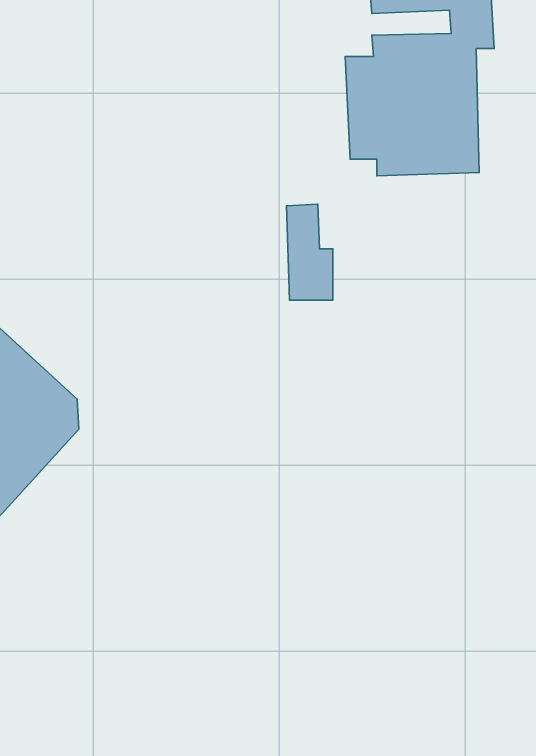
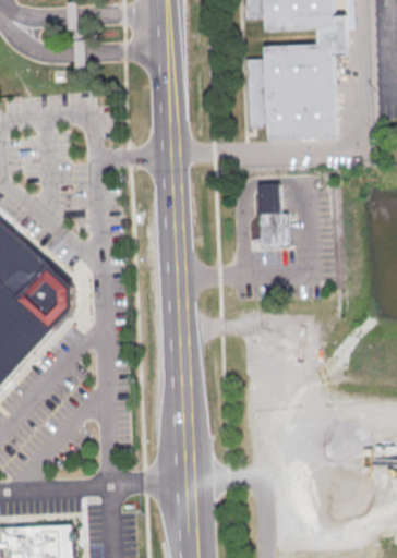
building: [286,204,333,300] -> [257,181,288,244]

